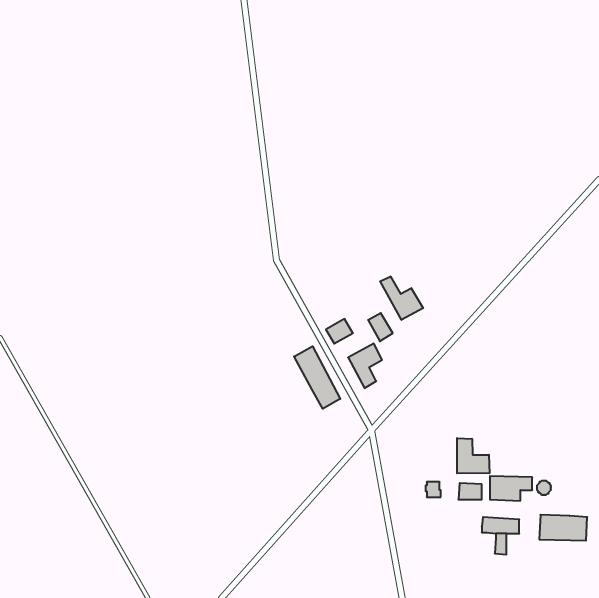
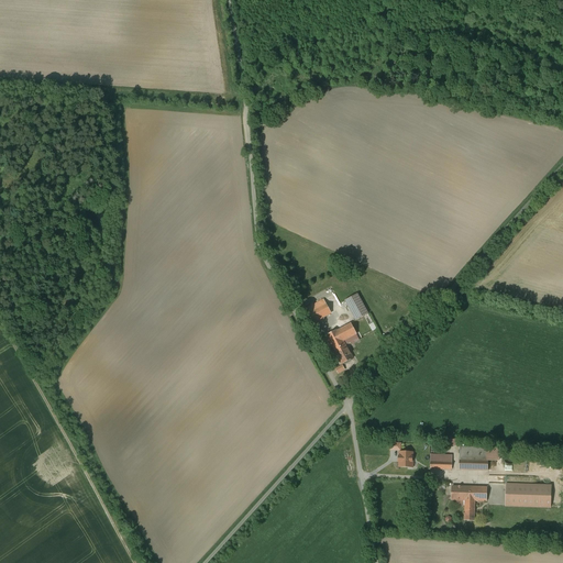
building: [380,276,423,320] -> none
building: [294,346,340,409] -> none
building: [457,438,489,473] -> none

